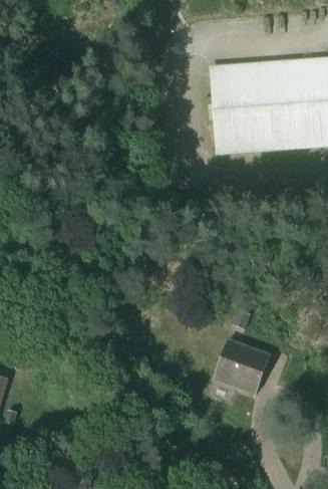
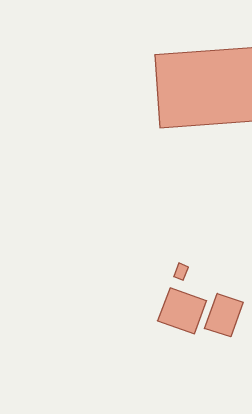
building: none -> [204,293,243,337]

